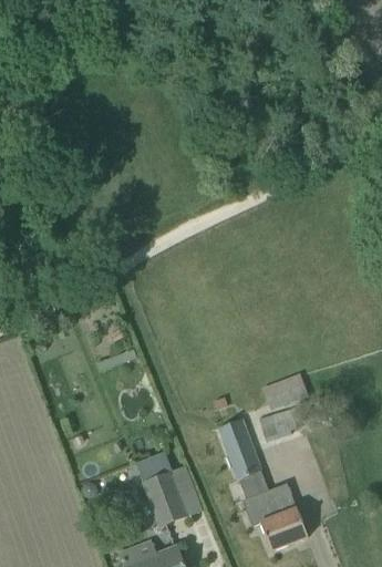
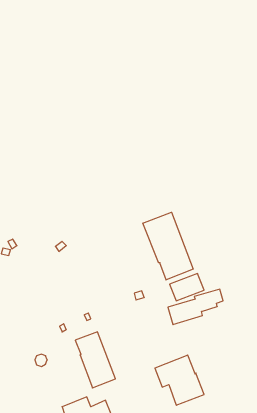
building: none -> [143,212,193,280]
building: [219,419,261,478] -> none

